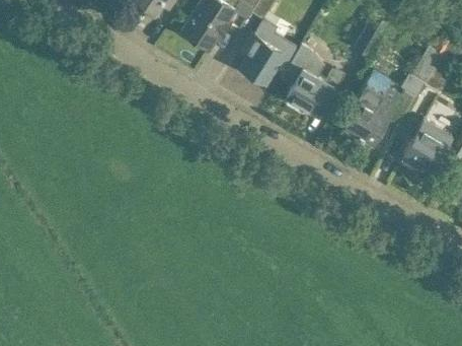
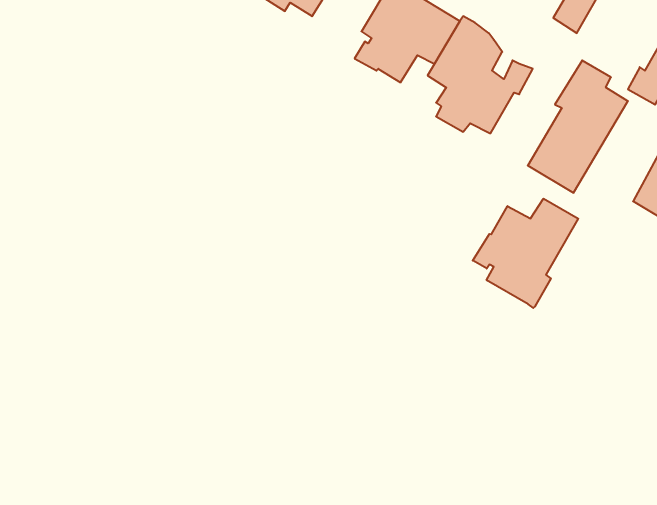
building: none -> [473,199,578,308]

